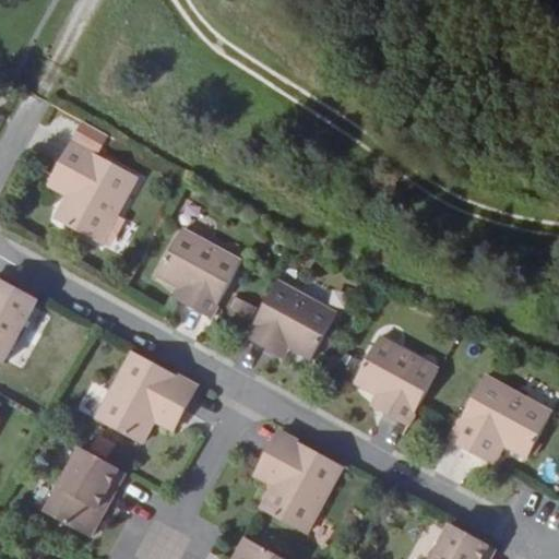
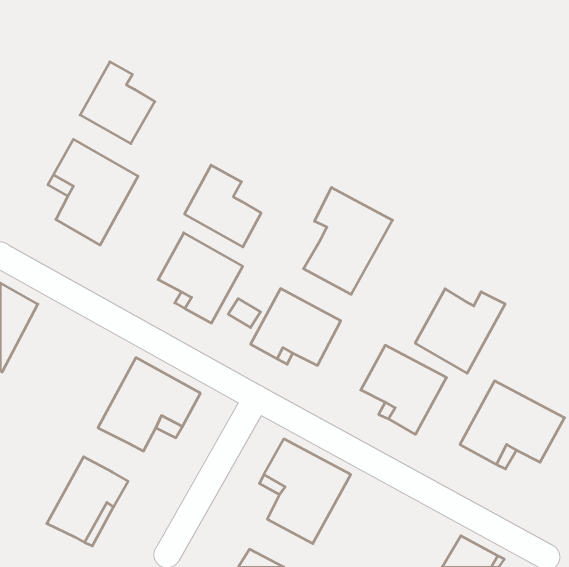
building: none -> [80,62,155,144]
building: none -> [185,165,261,247]
building: none -> [303,187,393,294]
building: none -> [415,289,505,373]

